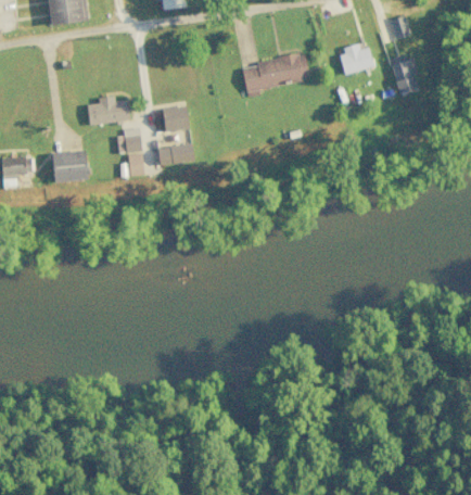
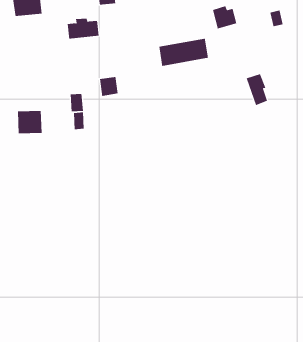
building: [340,43,373,75] -> [212,6,237,29]
building: [389,53,418,97] -> [246,73,268,106]
building: [87,97,130,125] -> [67,18,99,39]
building: [157,143,194,166] -> none

